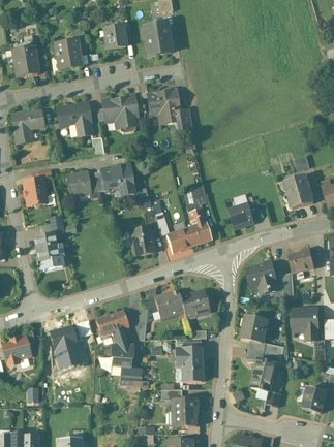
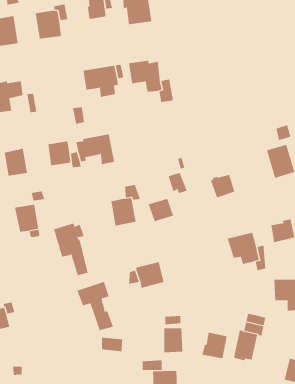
building: [56,103,91,136] -> none
building: [186,221,211,246] -> none
building: [179,290,209,318] -> none
building: [241,316,267,343] -> [202,332,227,359]
building: [50,326,85,379] -> [53,223,89,276]

